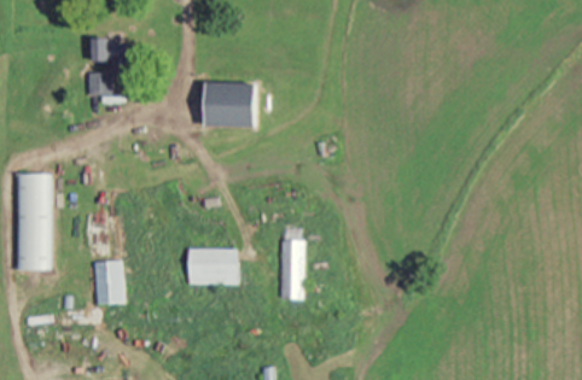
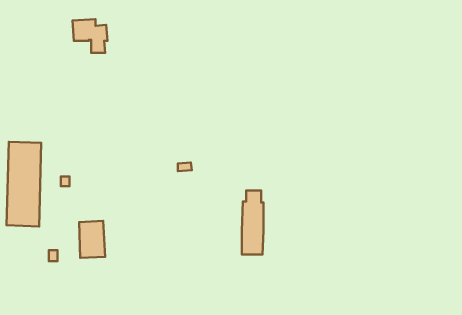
building: [86,72,111,95] -> none
building: [206,83,257,125] -> none
building: [186,249,235,285] -> none

